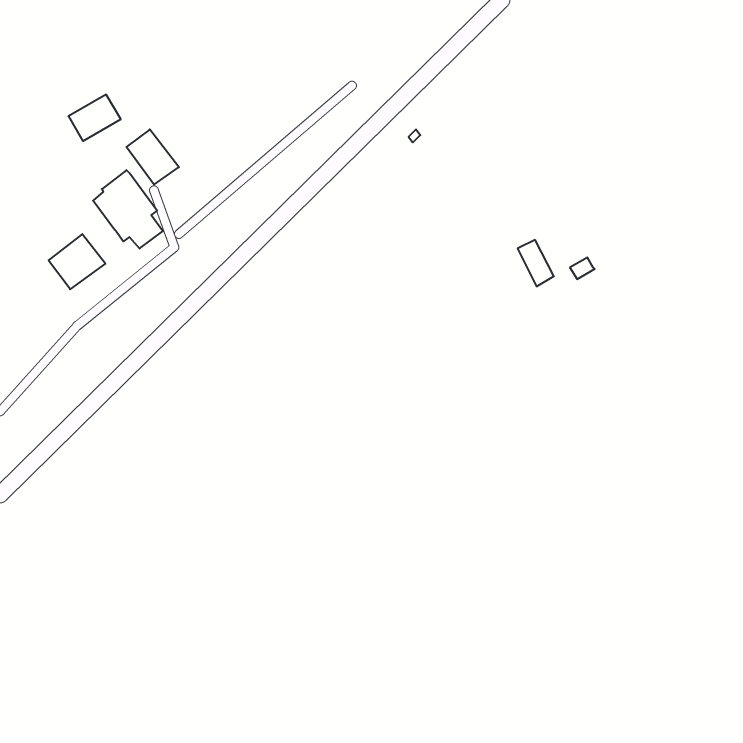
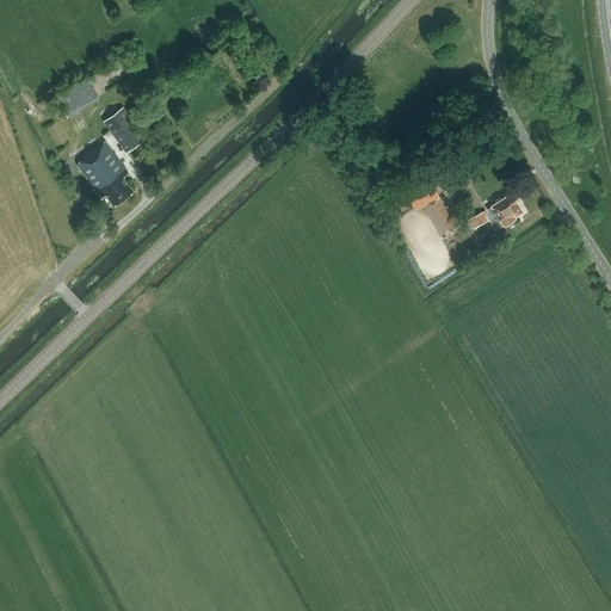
building: none -> [492,192,524,227]
building: [49,234,105,289] -> none

